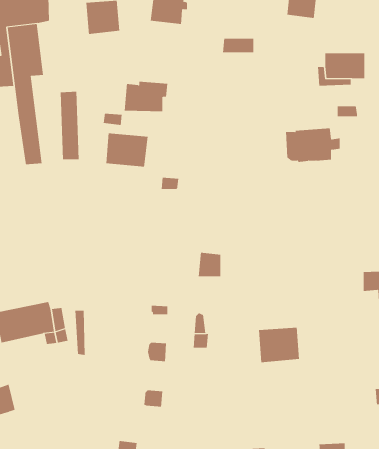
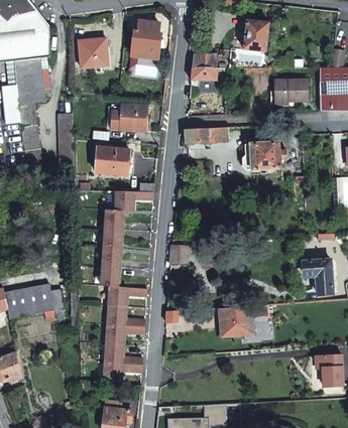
building: none -> [191,54,217,68]
building: none -> [185,127,227,143]
building: none -> [101,190,132,383]

